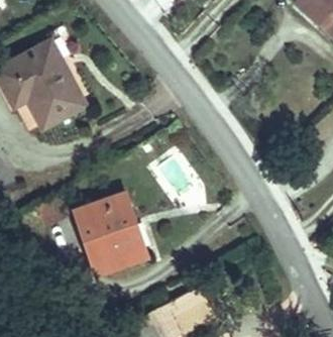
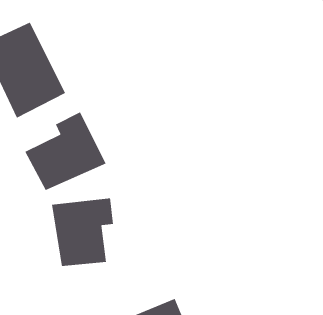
building: none -> [24,112,106,191]

